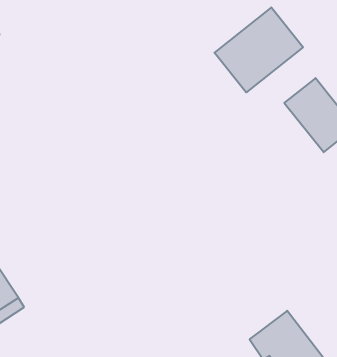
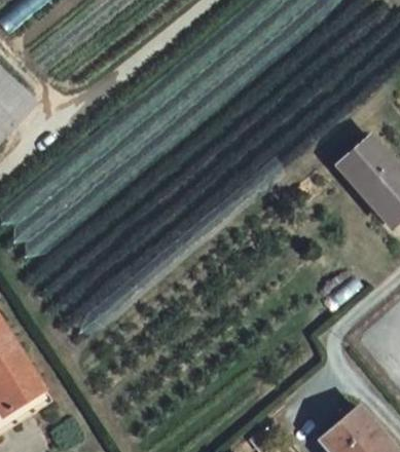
building: [214,7,303,92] -> none

